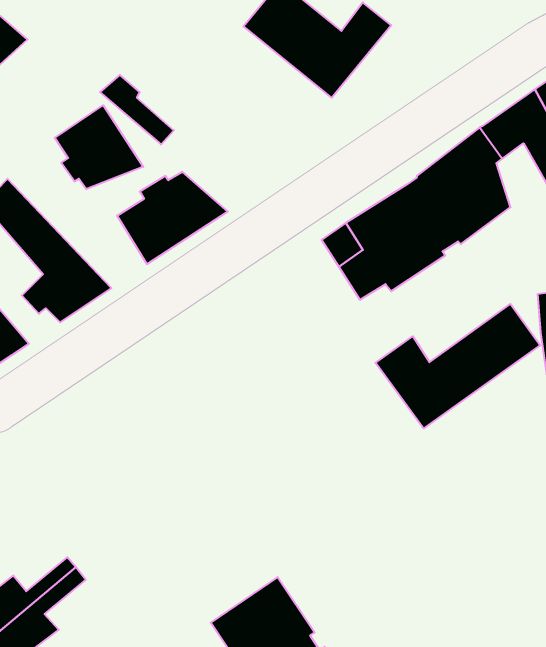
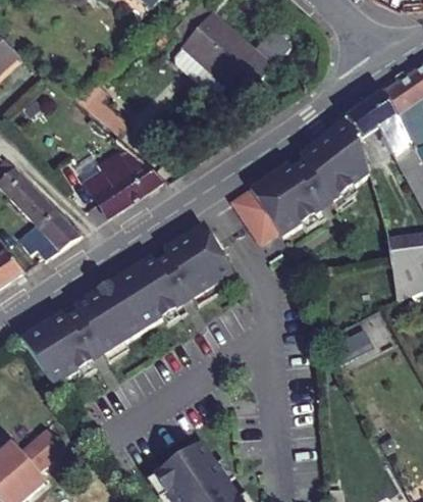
building: [55,105,143,189] -> none
building: none -> [20,221,233,386]
building: [375,304,540,428] -> none

